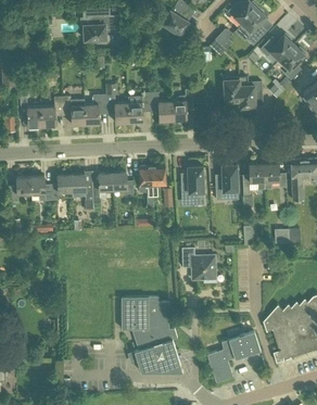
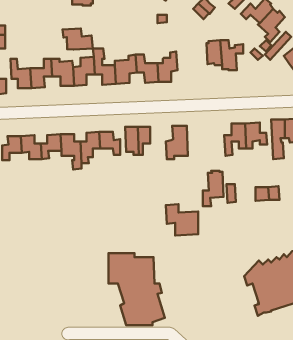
building: none -> [63,28,93,50]
building: [215,163,237,200] -> [203,171,224,206]
building: [206,332,258,383] -> none

